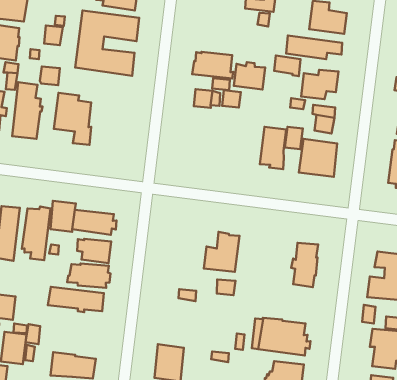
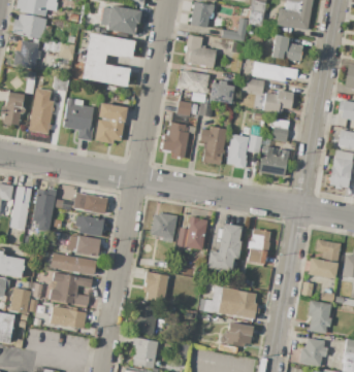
building: none -> [183,34,217,67]
building: none -> [94,102,127,143]
building: none -> [161,122,188,157]
building: none -> [199,126,227,164]
building: none -> [150,212,176,241]
building: none -> [206,223,240,272]
building: none -> [142,271,167,302]
building: none -> [49,272,91,305]

